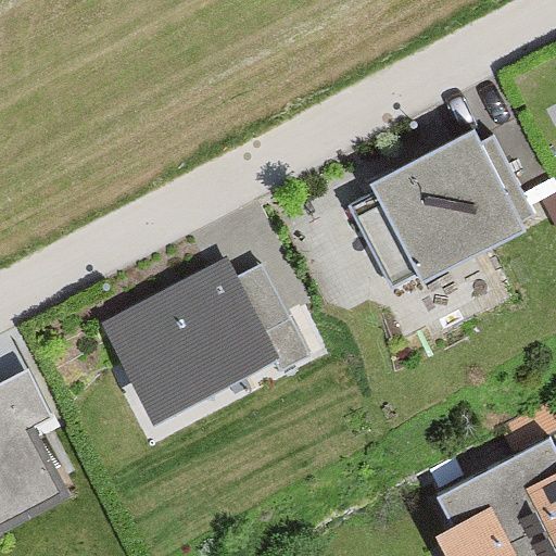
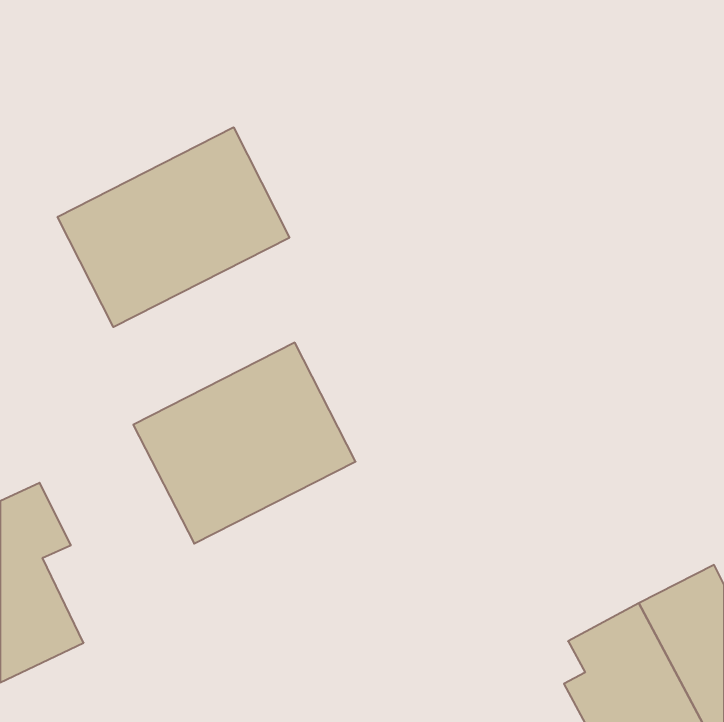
building: none -> [58,127,289,327]
building: [371,134,523,282] -> none

